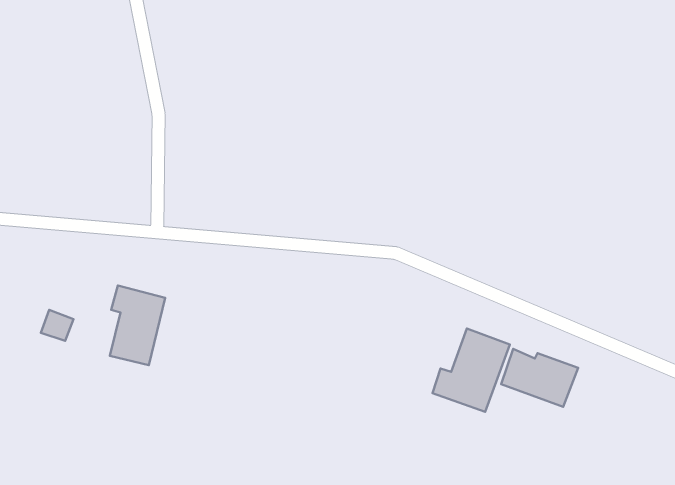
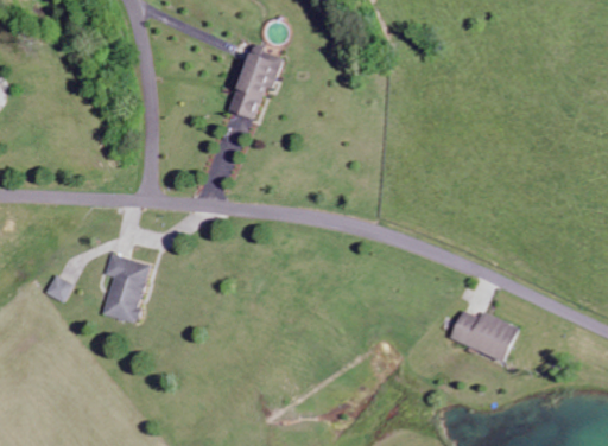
building: none -> [226,46,284,122]
building: [432,329,510,412] -> none

